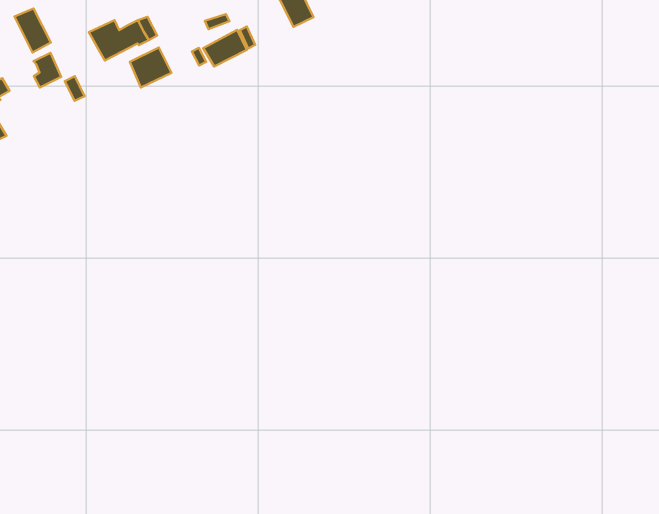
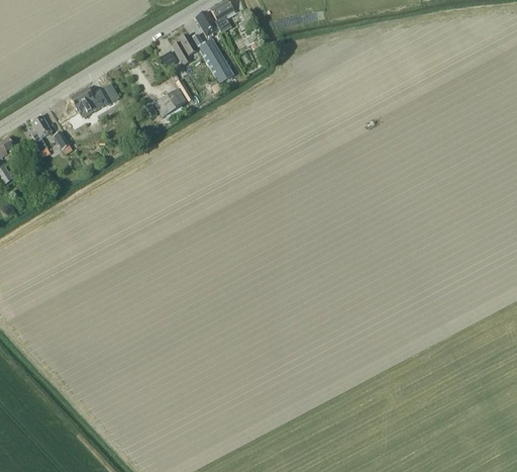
building: [15,8,51,53] -> none
building: [130,48,172,87] -> none

